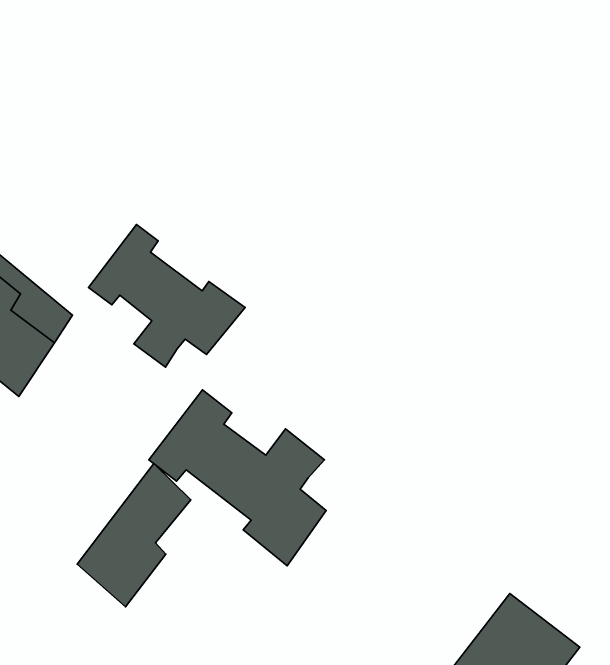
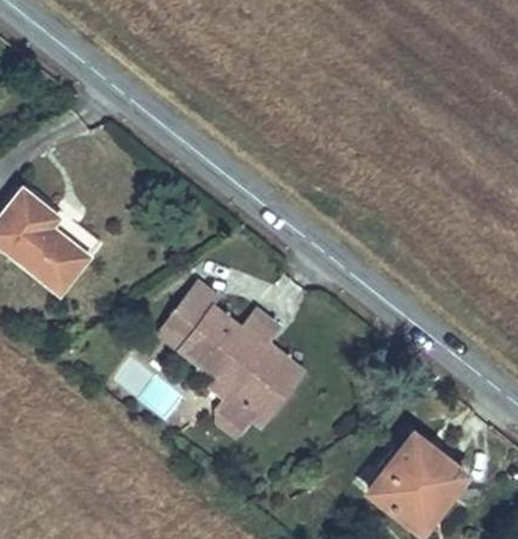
building: [89,224,245,367] -> none
building: [77,464,191,607] -> none

